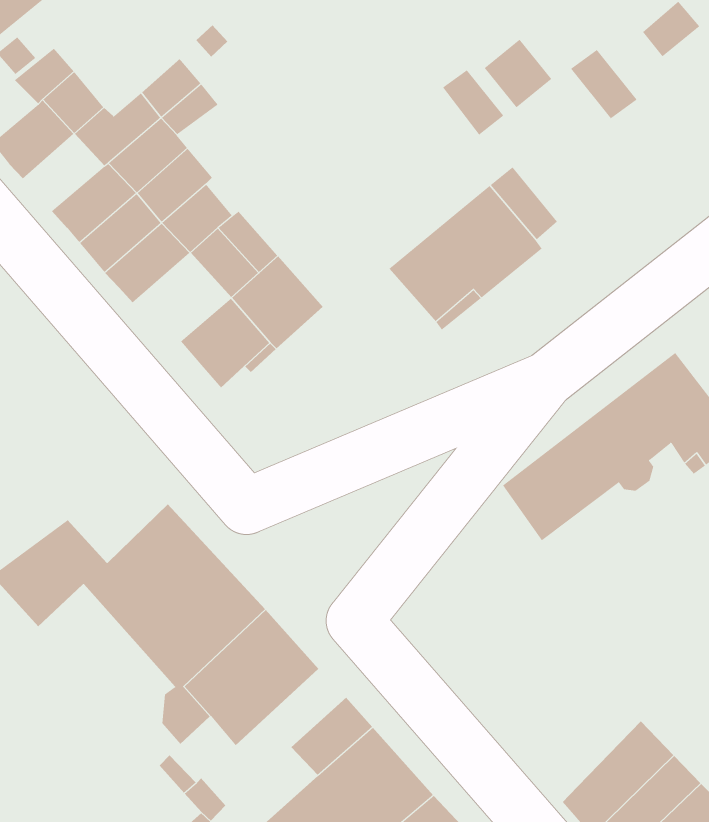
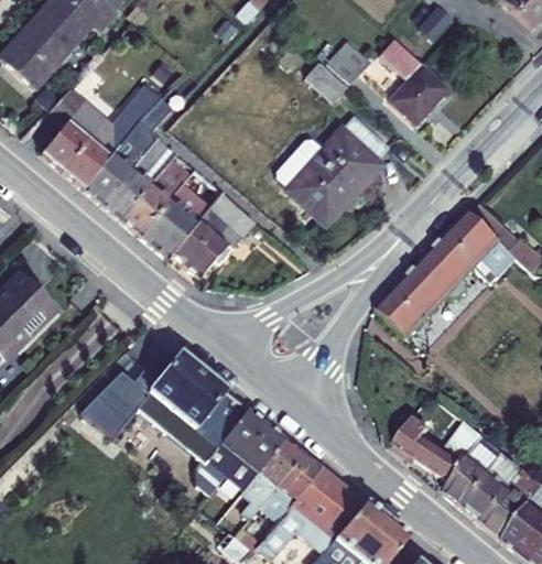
building: none -> [391,66,448,123]
building: none -> [63,139,110,187]
building: none -> [277,140,325,191]
building: none -> [140,199,198,259]
building: none -> [241,436,304,519]
building: none -> [394,420,483,482]

